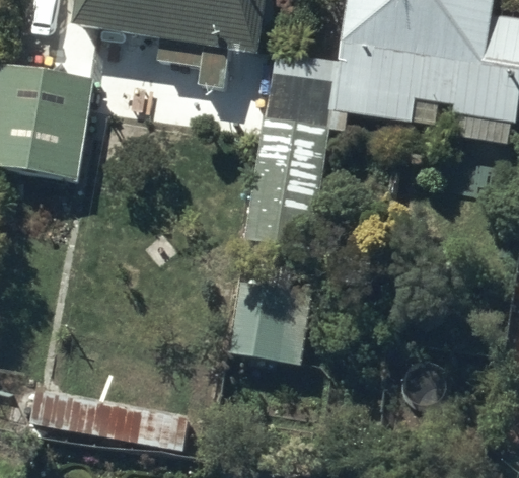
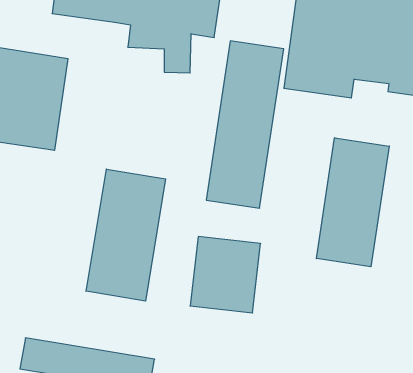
building: none -> [316,138,389,267]
building: none -> [86,169,166,301]

